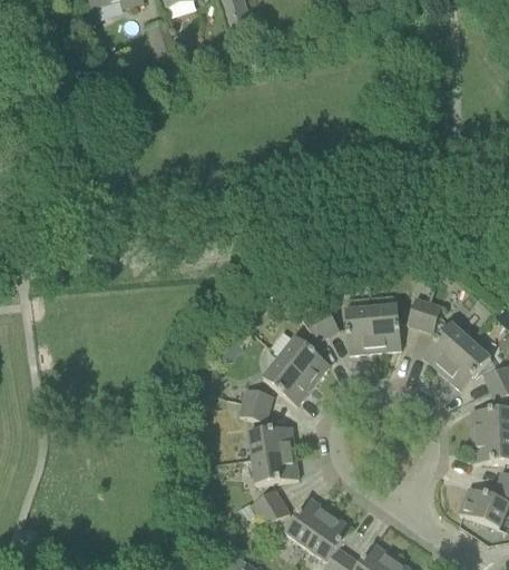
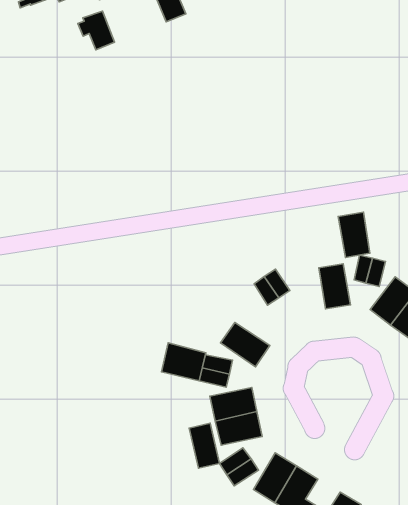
building: [344,306,374,352] -> [338,212,370,257]
building: [278,335,329,383] -> none
building: none -> [162,343,206,381]
building: none -> [189,423,219,468]

